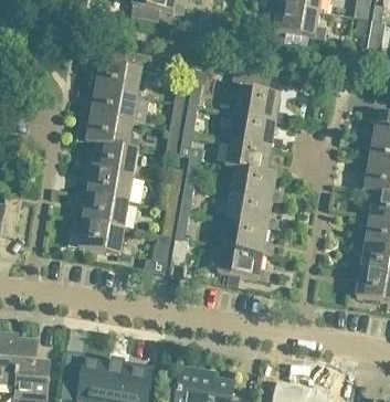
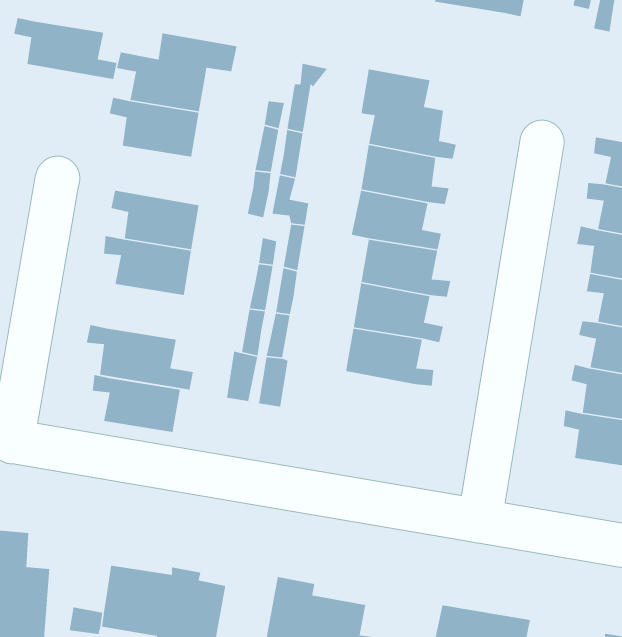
building: [78,113,139,150] -> [13,17,117,81]
building: [75,193,127,228] -> [92,374,181,433]
building: [217,246,268,282] -> none

